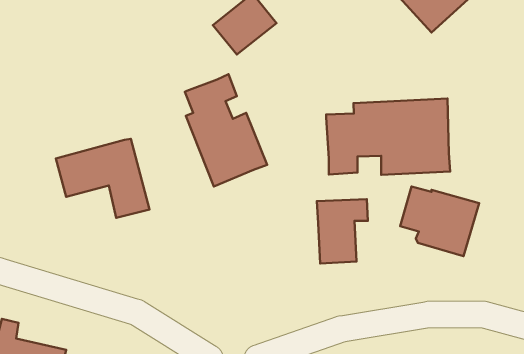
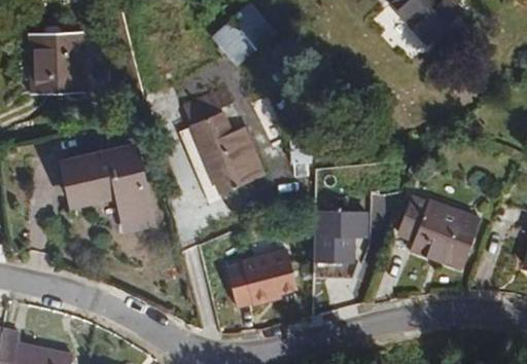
building: none -> [30,33,87,101]
building: [326,99,450,175] -> none
building: none -> [224,249,298,311]

